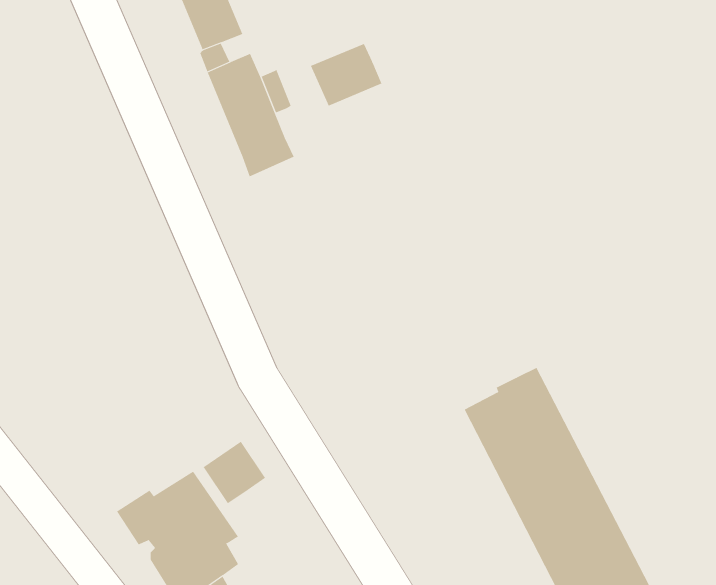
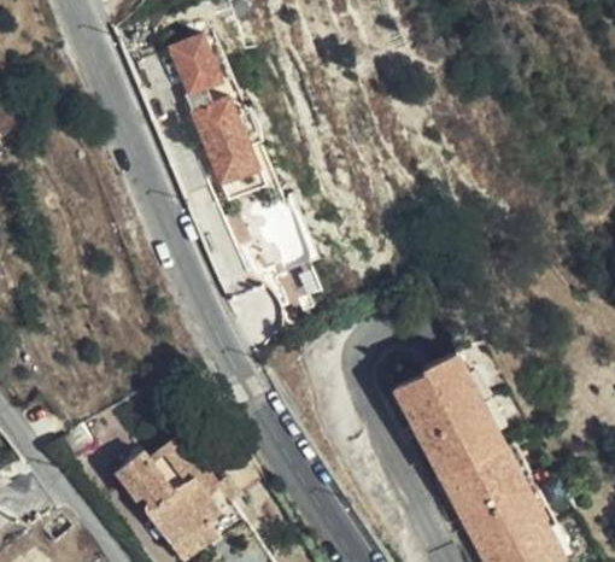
building: [310,43,382,106] -> none
building: [203,441,266,504] -> none

